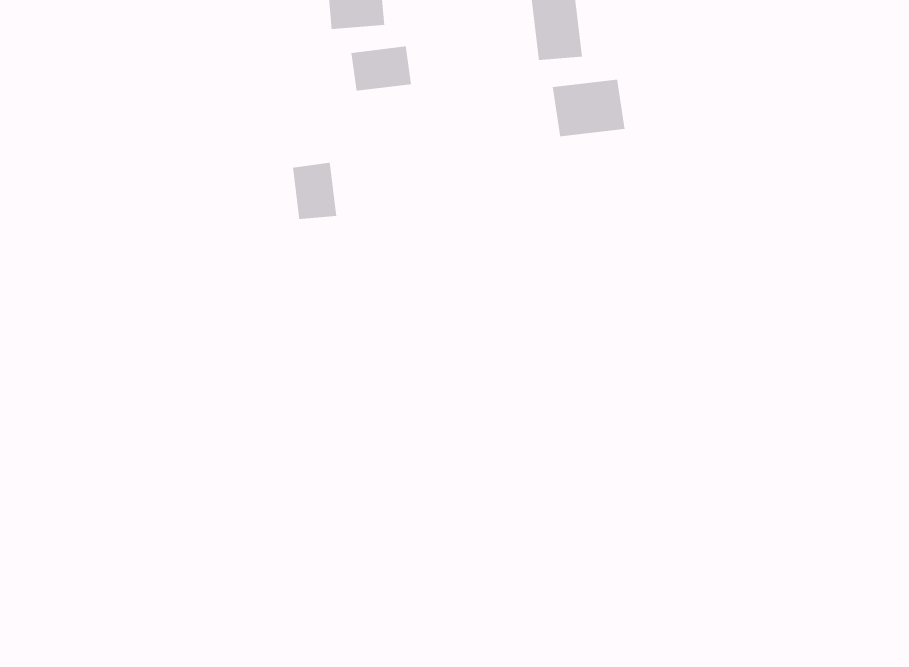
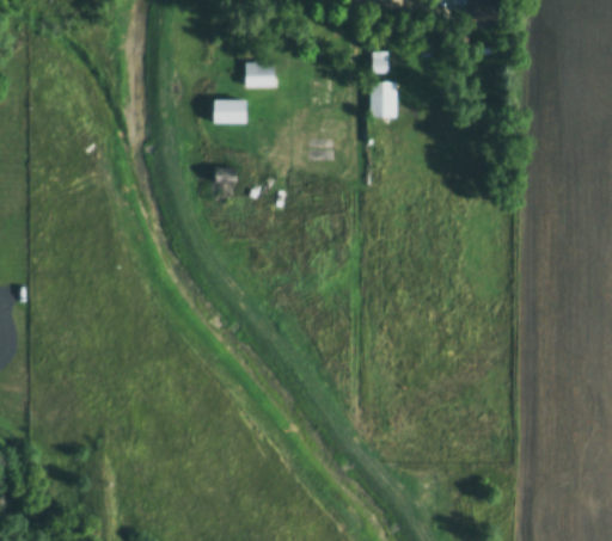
building: [351,46,412,91] -> [210,98,246,123]
building: [552,79,625,137] -> none

